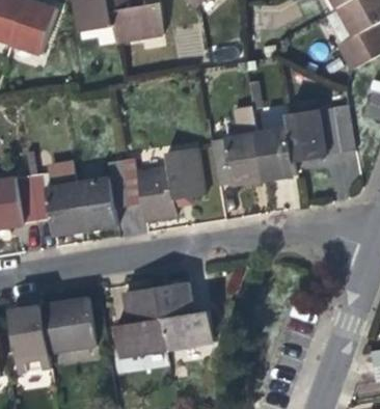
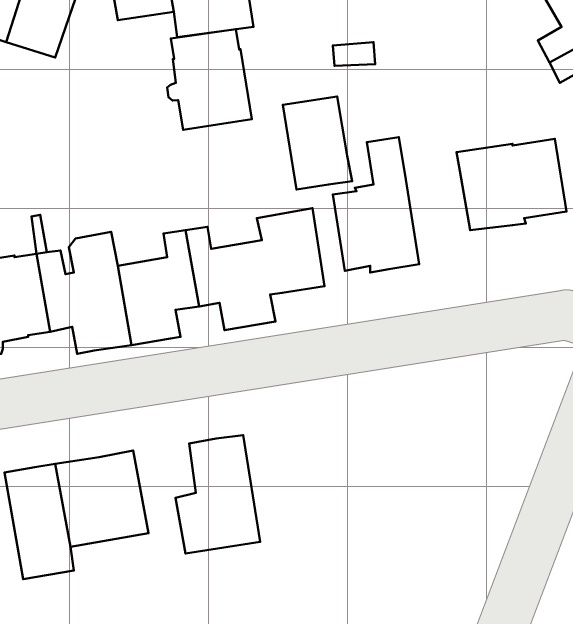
building: none -> [167,29,252,130]
building: [254,125,297,182] -> [283,96,352,190]
building: [155,280,213,352] -> none

